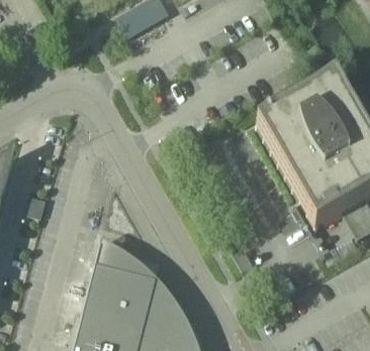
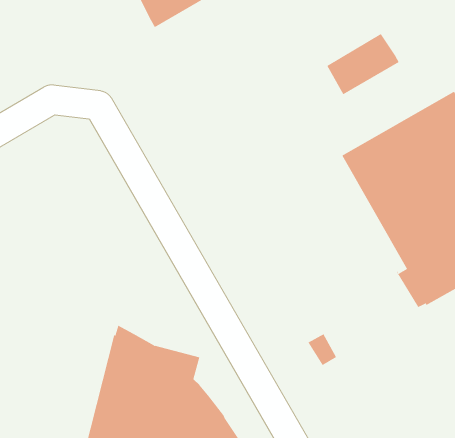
building: none -> [326,33,400,95]

